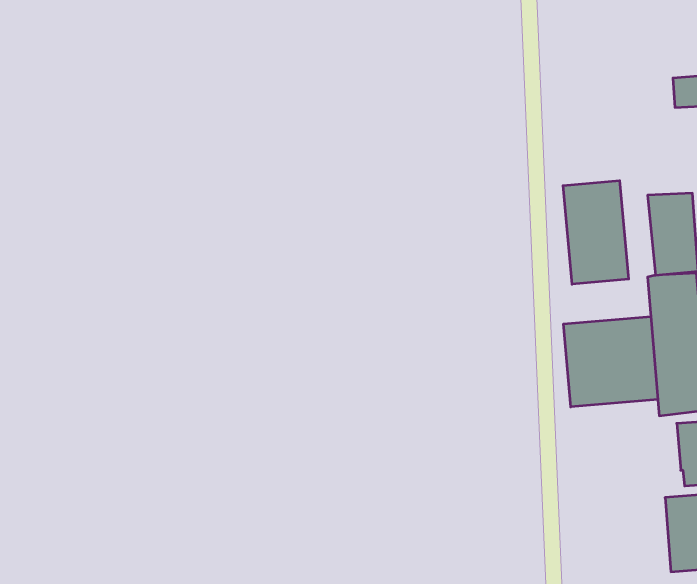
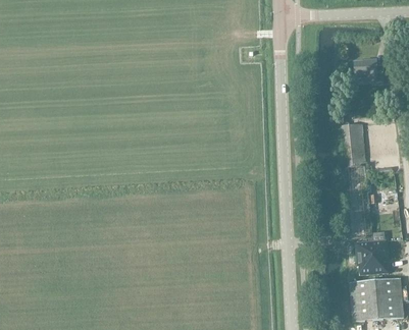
building: [563,181,629,284] -> none
building: [564,316,658,407] -> none

